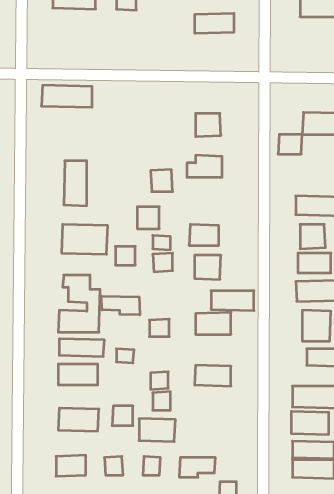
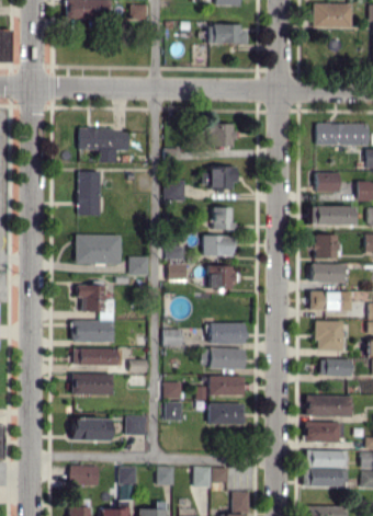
building: [41,85,92,107] -> [79,128,129,150]
building: [278,134,302,154] -> [316,172,340,192]
building: [137,207,159,229] -> [212,207,234,229]
building: [211,291,254,311] -> [202,348,245,368]
building: [101,296,140,315] -> none
building: [139,419,175,442] -> [208,402,245,425]

